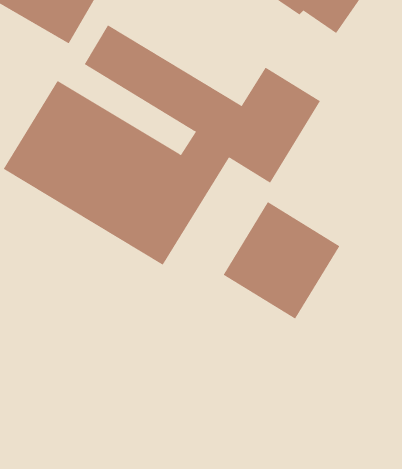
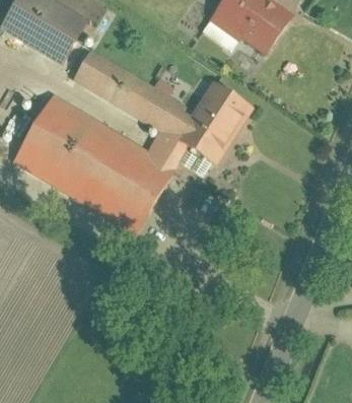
building: [223,201,340,320] -> none

